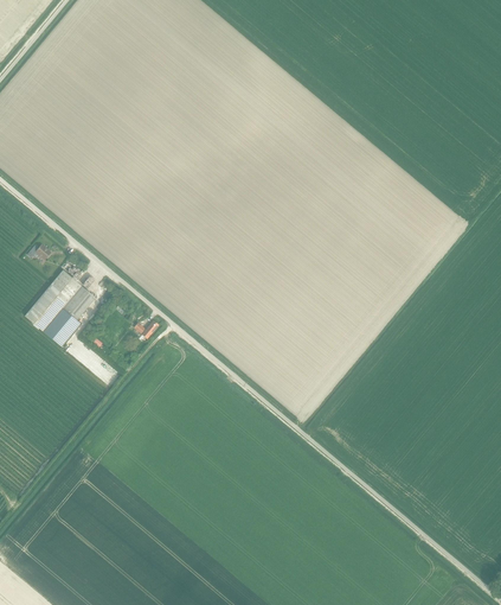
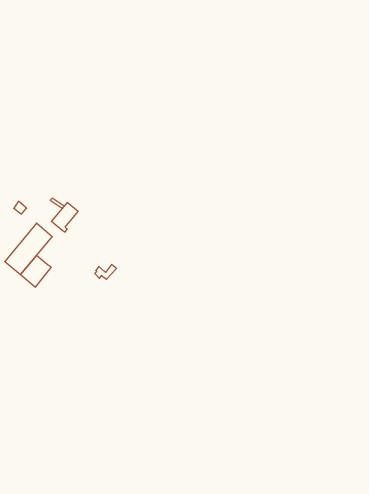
building: [63,286,95,321] -> [51,202,78,232]

